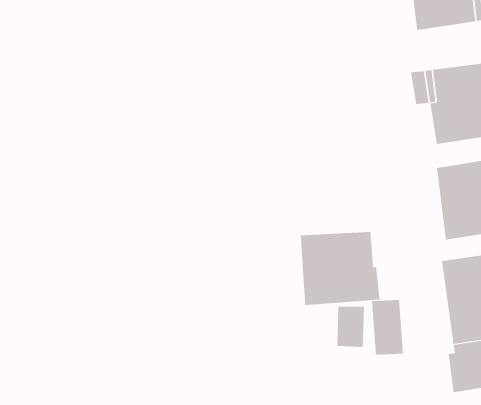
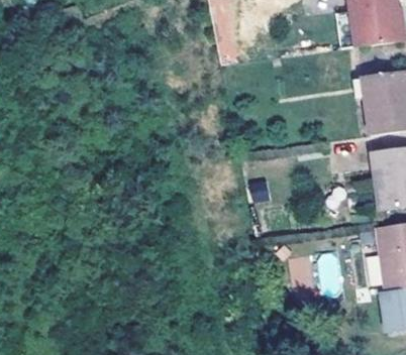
building: [300,231,380,306] -> none

